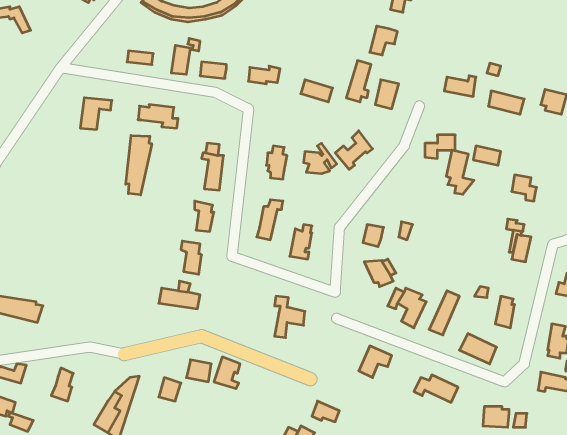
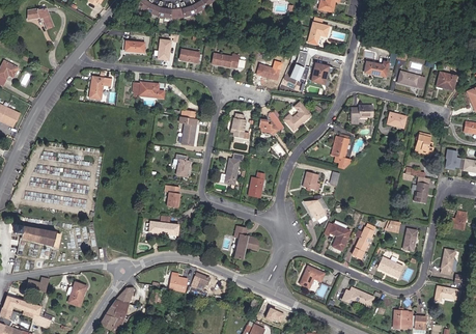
building: [126,135,152,195] -> none
building: [446,150,474,194] -> [331,135,352,168]

